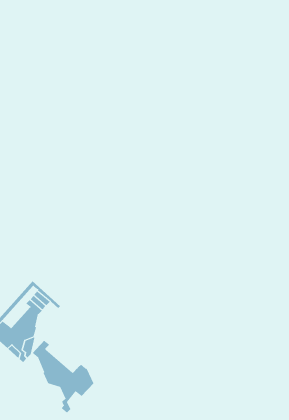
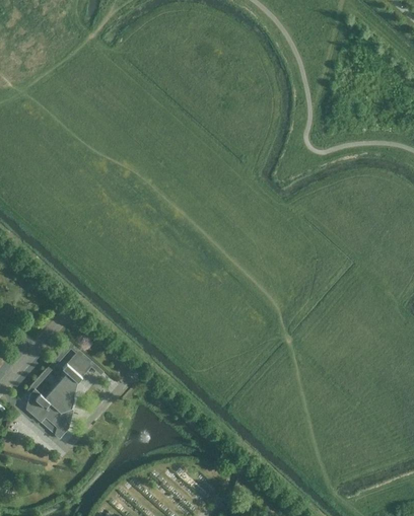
building: [32,340,94,413] -> none

